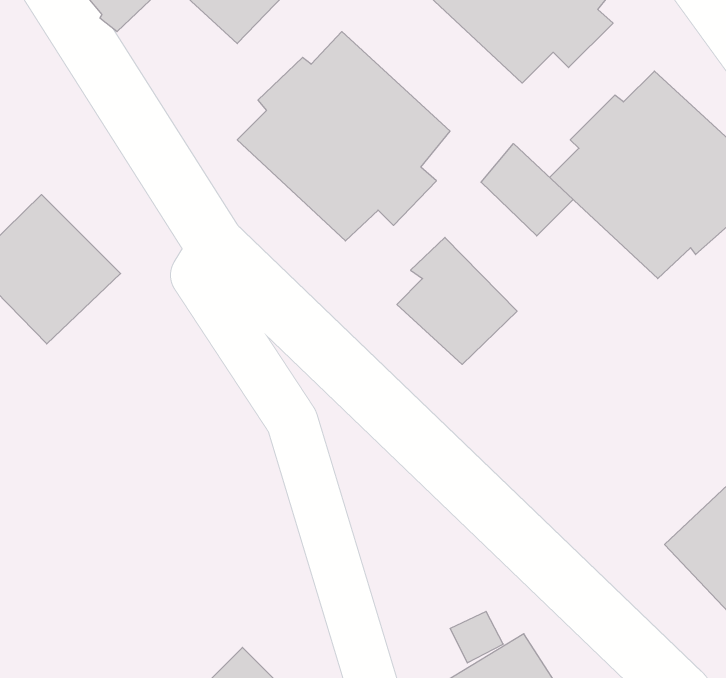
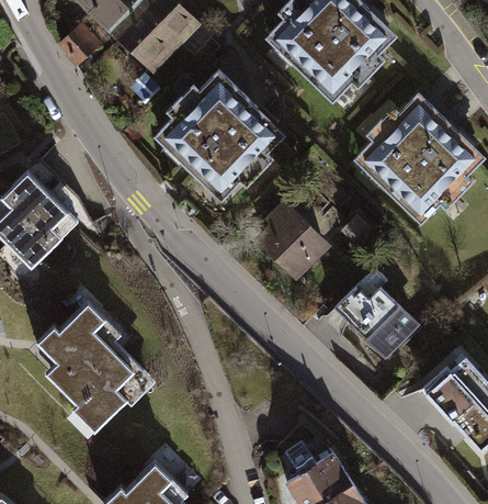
building: [481,144,573,236] -> none
building: none -> [337,268,421,358]
building: none -> [34,300,154,430]

